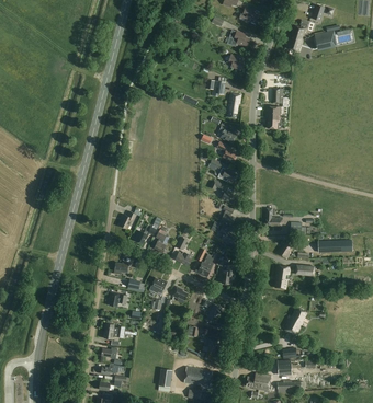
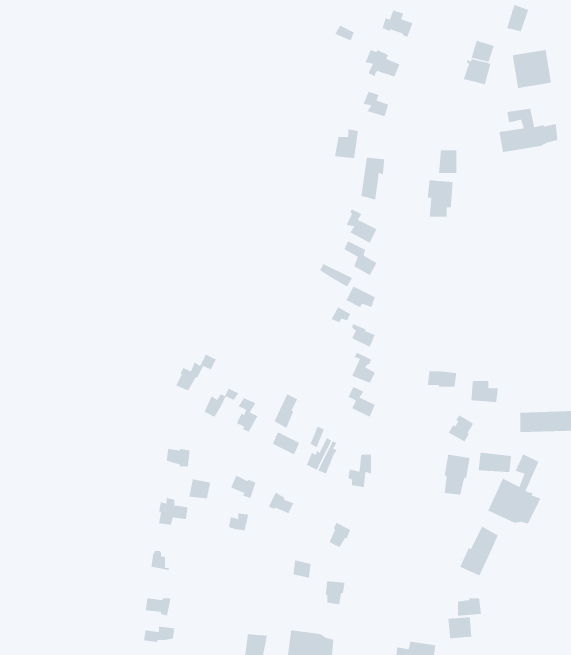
building: none -> [499,108,558,153]
building: none -> [487,453,542,524]

